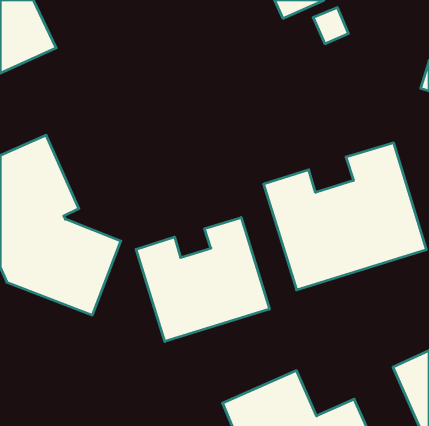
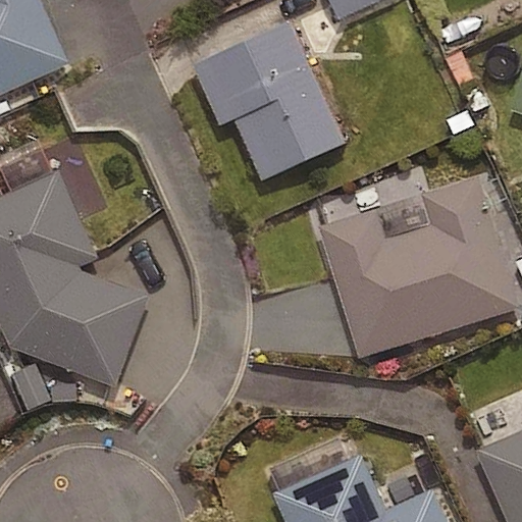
building: none -> [192,20,344,178]
building: [136,217,269,342] -> none

